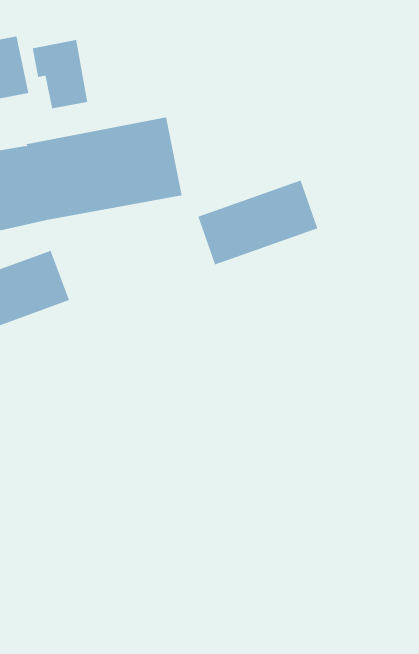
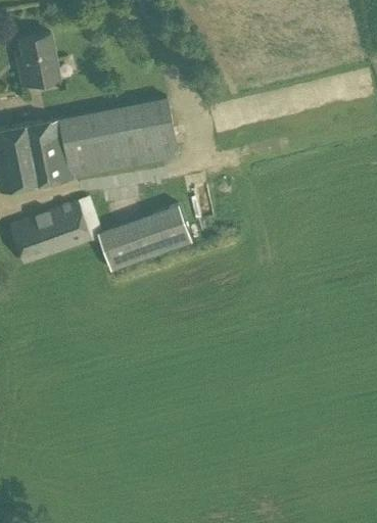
building: [32,39,88,109] -> none
building: [198,180,318,265] -> [97,205,191,272]

